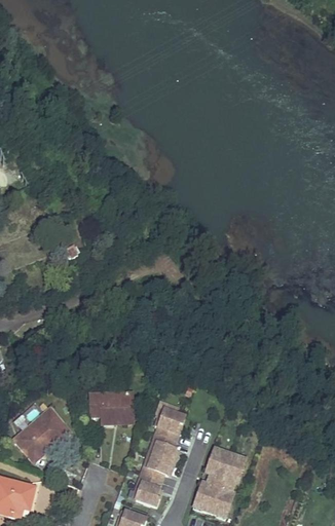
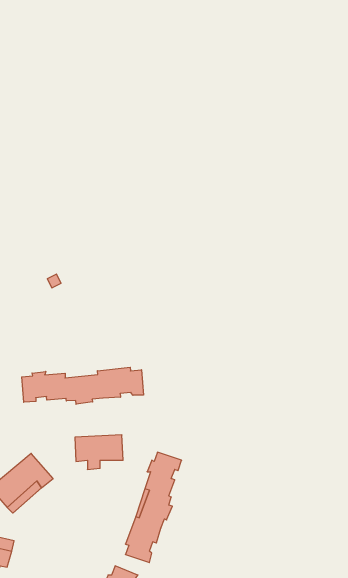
building: none -> [22,367,143,404]
building: [194,450,245,514] -> none

